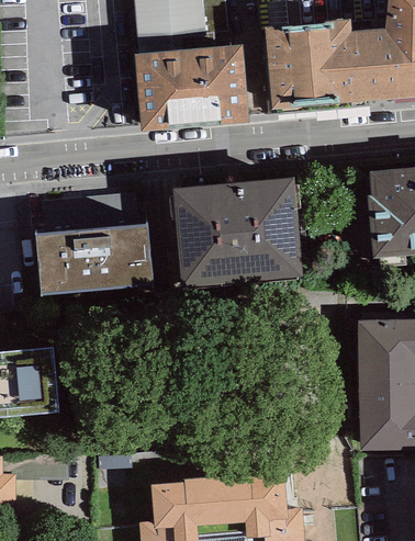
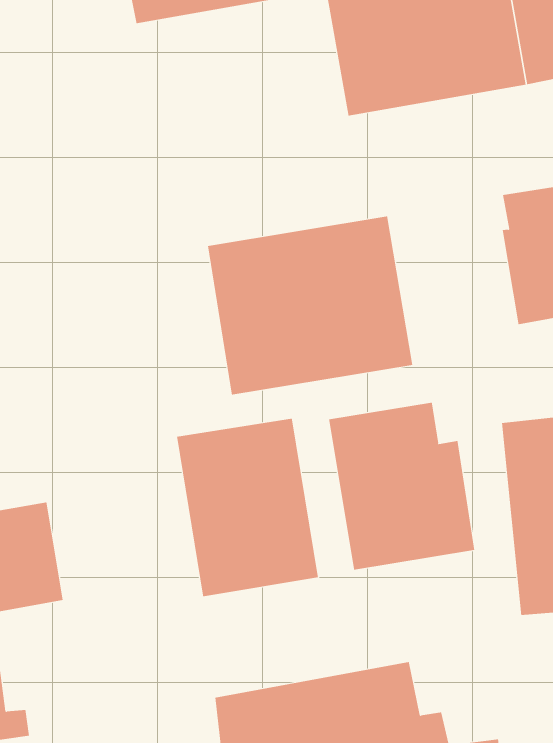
building: [135,45,249,132] -> none
building: [35,193,154,295] -> none
building: none -> [329,402,475,571]
building: none -> [176,418,318,597]

